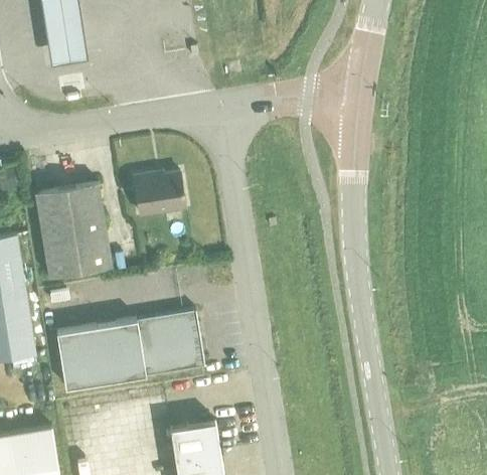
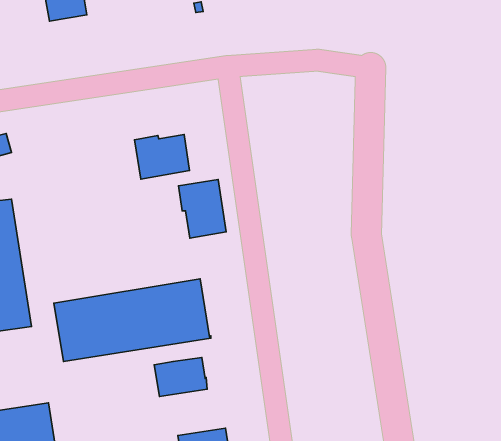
building: [35,185,112,279] -> none
building: none -> [179,179,226,238]
building: [170,423,220,460] -> [154,357,207,397]

